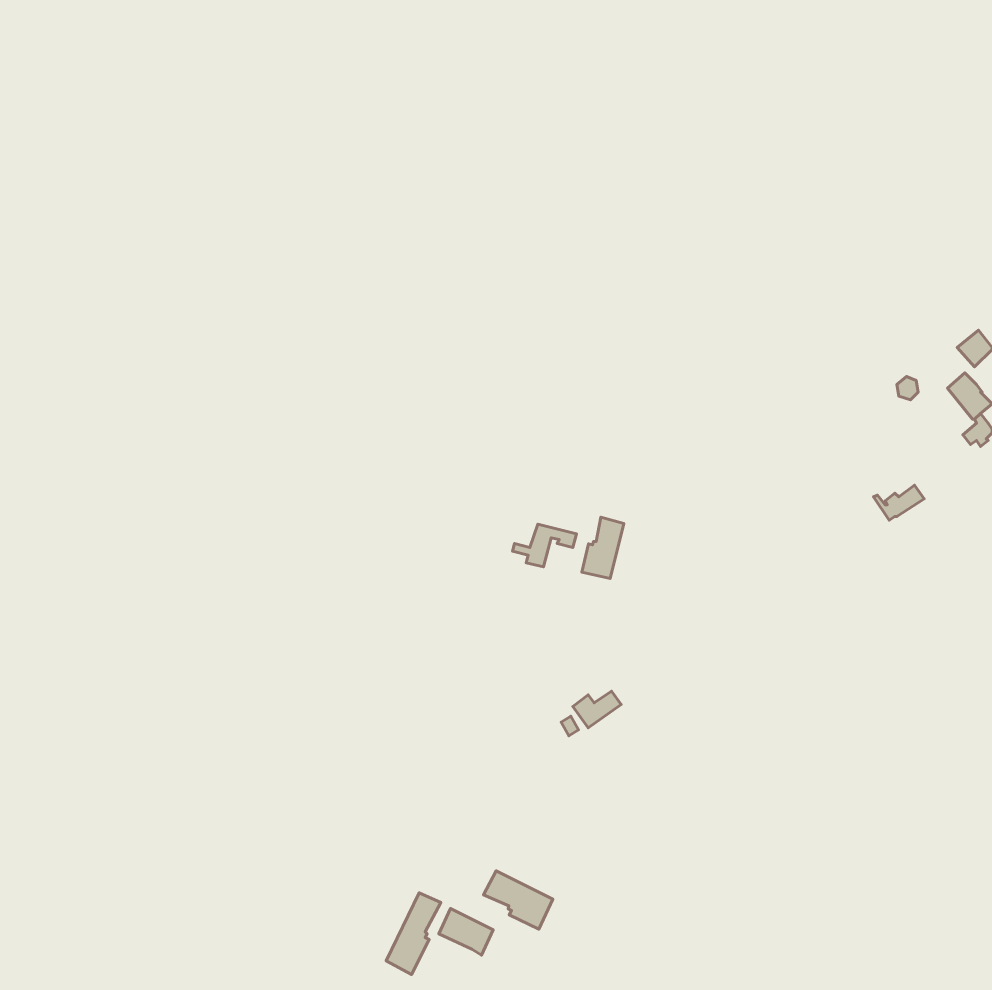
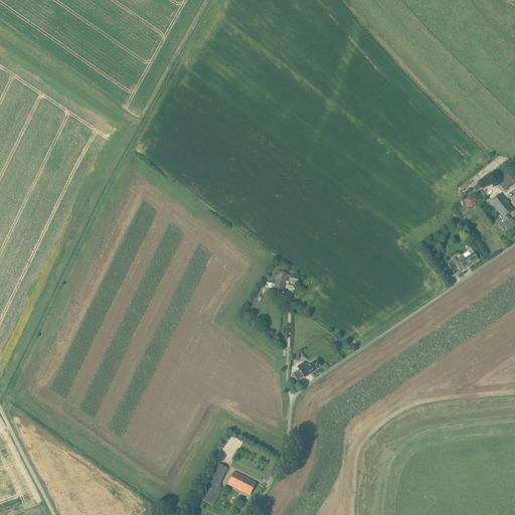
building: [582,517,624,578] -> none
building: [483,871,553,929] -> none

